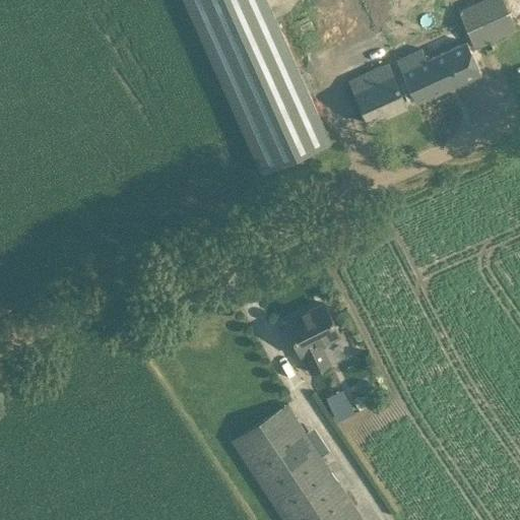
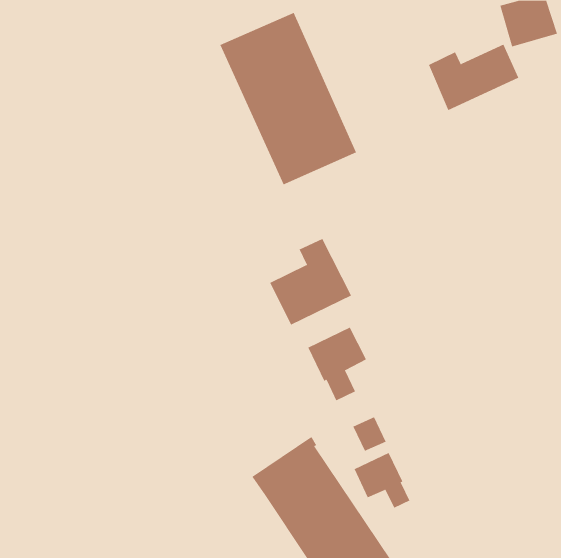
building: [350,65,406,125] -> none
building: none -> [270,238,352,326]
building: none -> [354,452,410,508]

